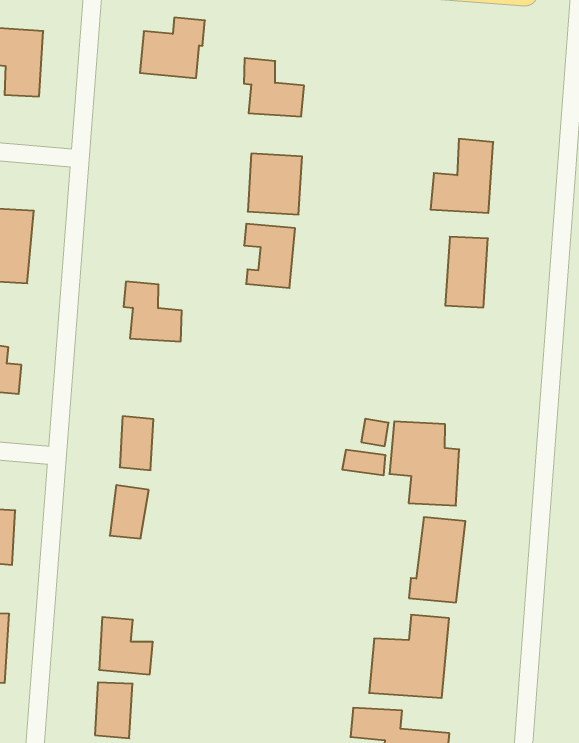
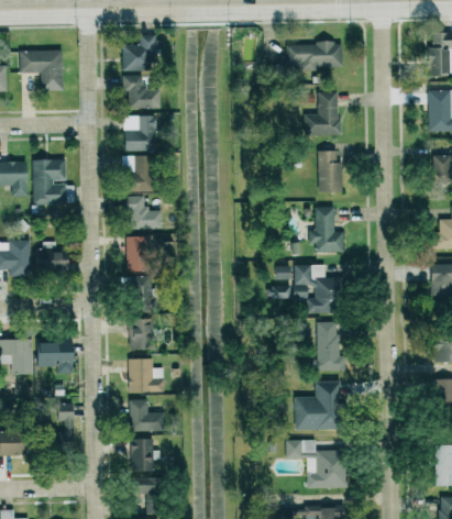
building: none -> [286,42,342,69]
building: [244,58,304,116] -> [122,75,159,108]
building: [248,154,302,214] -> [124,114,156,151]
building: [244,224,295,288] -> [122,155,152,191]
building: none -> [309,206,344,252]
building: none -> [126,236,147,270]
building: none -> [129,358,164,391]

